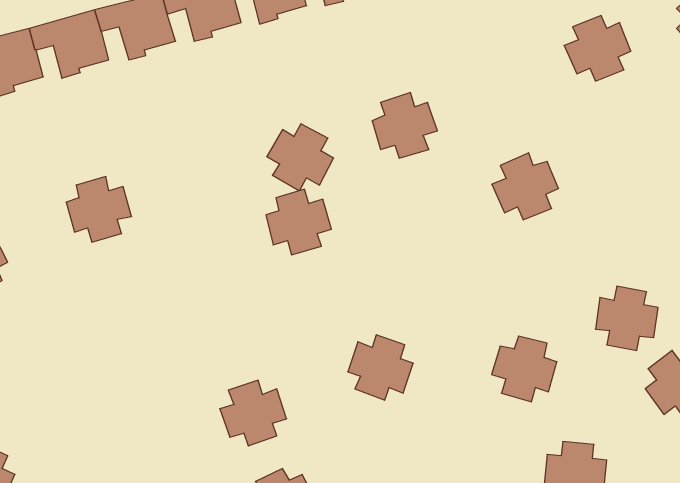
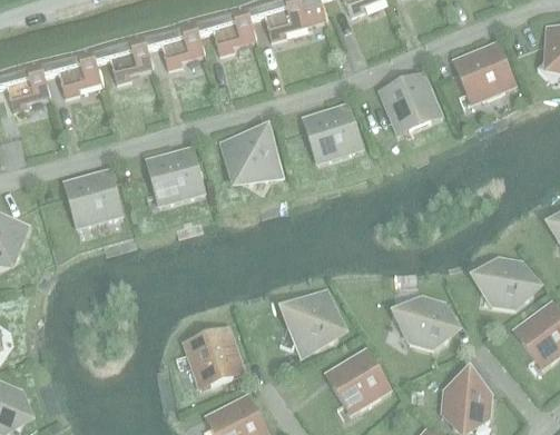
building: [492,153,559,220] -> [384,79,436,131]
building: [266,189,331,255] -> [150,152,202,204]
building: none -> [332,357,384,409]

